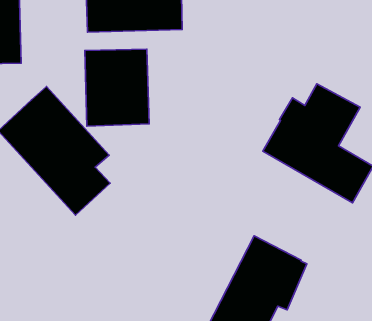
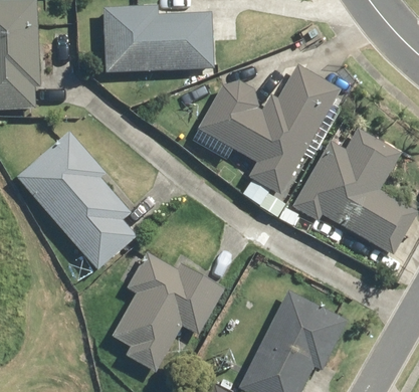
building: none -> [205,64,341,192]
building: [85,49,149,126] -> none
building: none -> [112,253,224,375]

